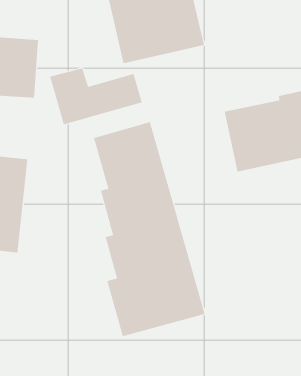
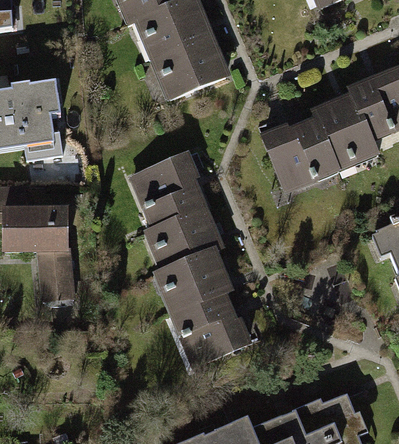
building: [49,67,143,125] -> none

